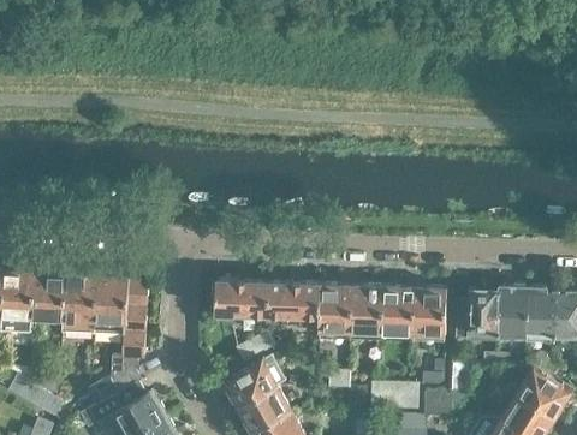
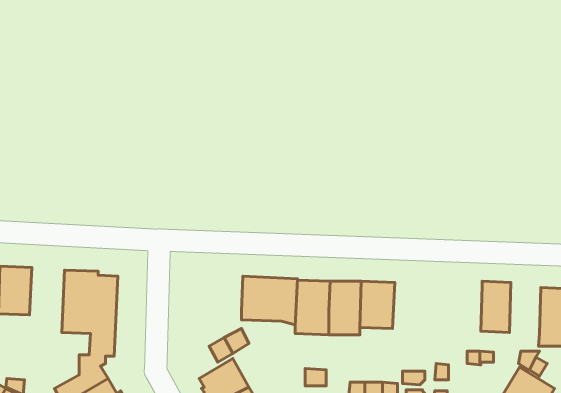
building: [61,273,96,335] -> none
building: [215,280,268,321] -> none
building: [412,287,446,333] -> none
building: [525,287,554,336] -> none
building: [456,290,499,339] -> none

